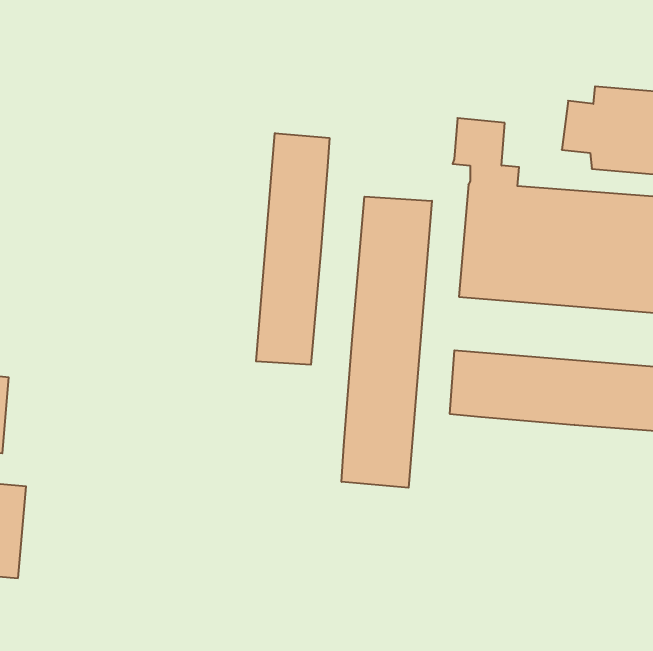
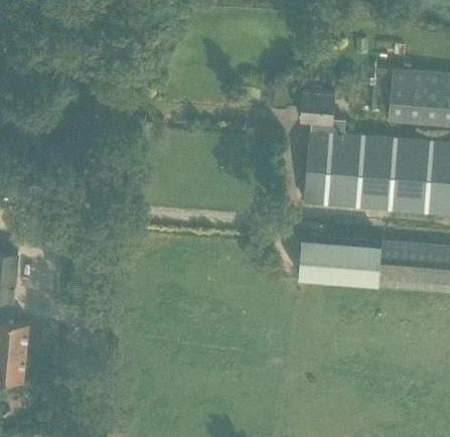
building: [256,133,329,365] -> none
building: [342,197,432,488] -> none

